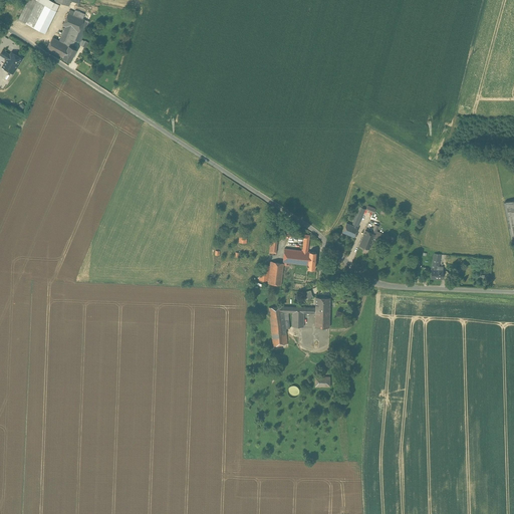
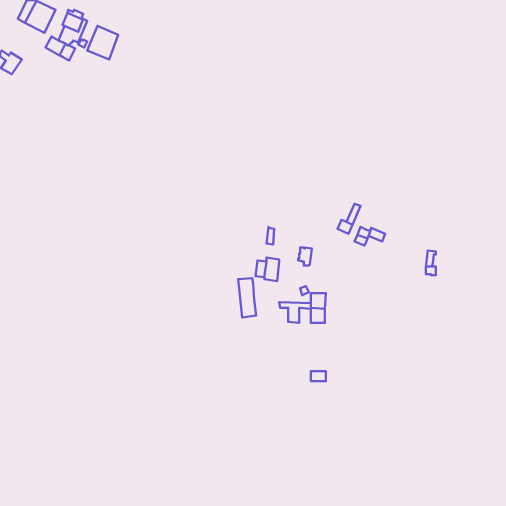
building: none -> [87,26,118,59]
building: [283,233,309,264] -> none
building: [269,306,287,346] -> [238,278,256,318]

